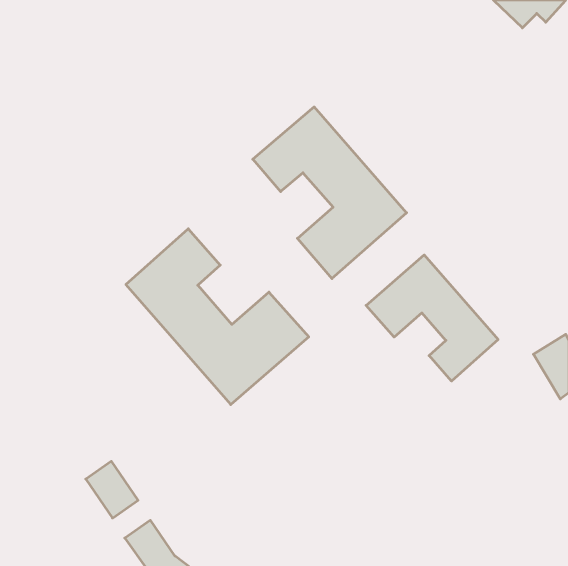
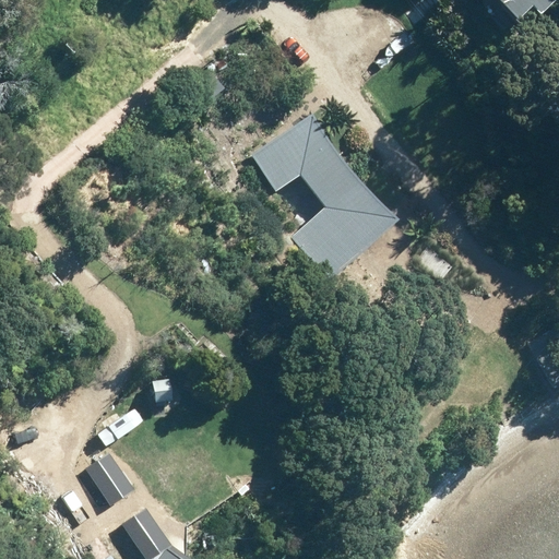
building: [126,229,309,405] -> none
building: [366,255,498,381] -> none

